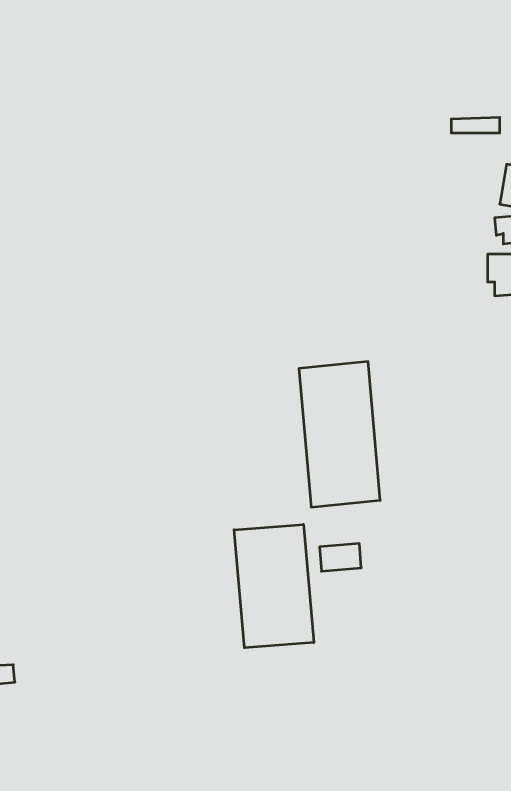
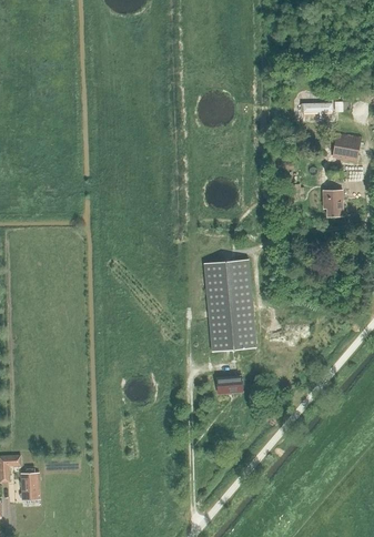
building: [234,524,314,648] -> none
building: none -> [21,472,41,499]

